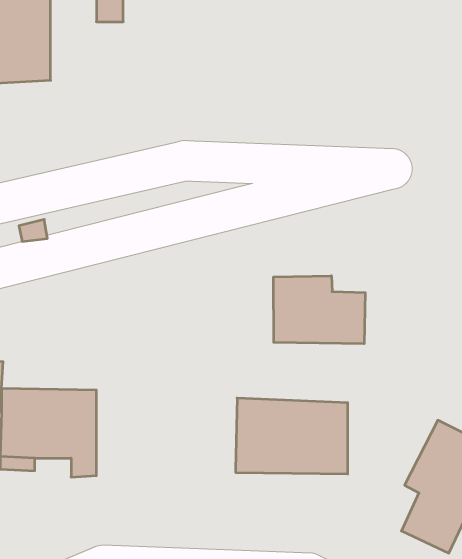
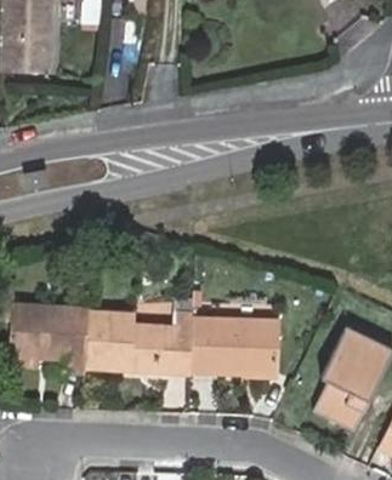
building: [274,276,365,344] -> none
building: none -> [84,308,192,367]

